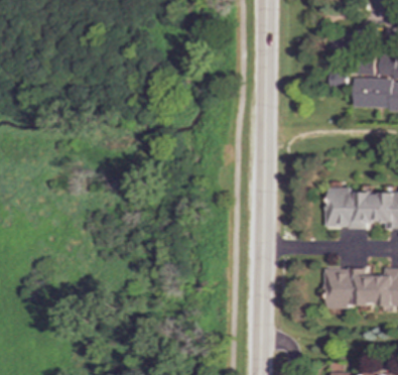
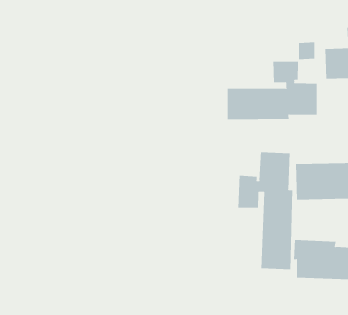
building: none -> [227,61,317,120]
building: none -> [238,151,293,270]

